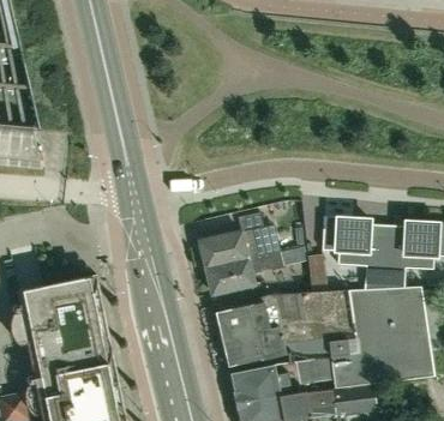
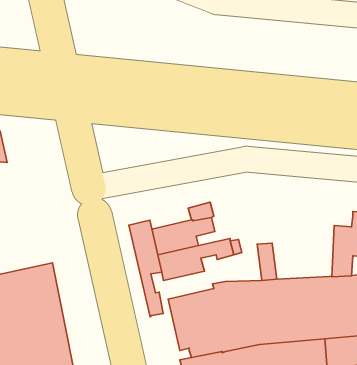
building: [322,216,386,288] -> none
building: none -> [129,220,163,317]

